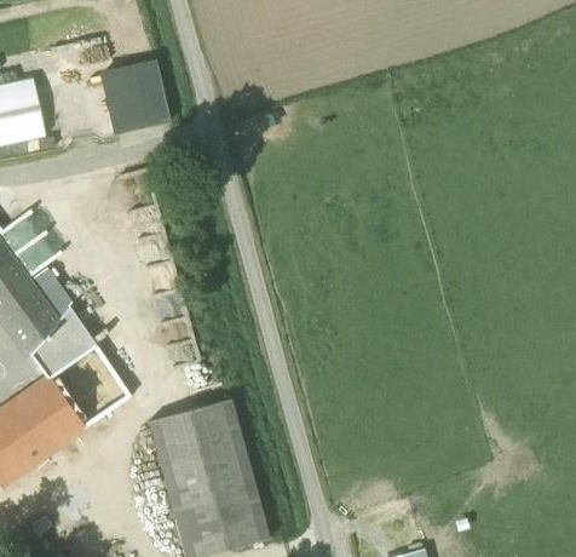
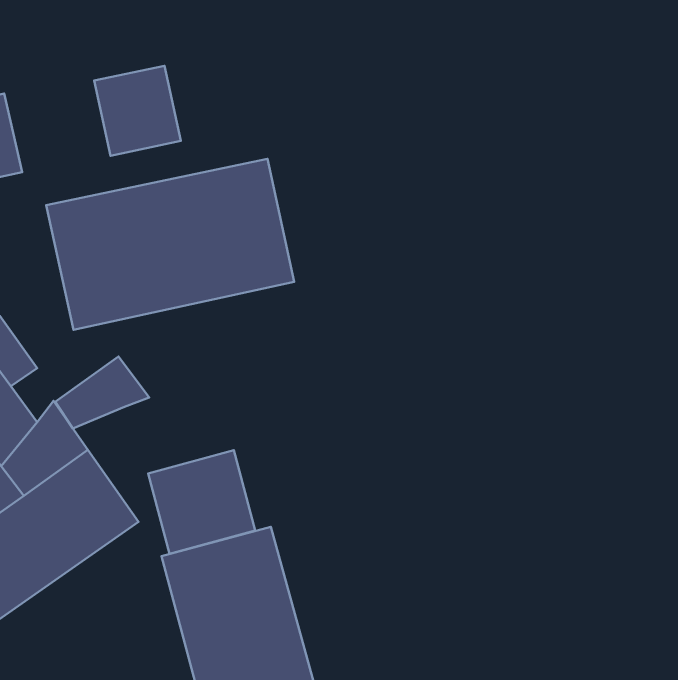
building: none -> [46,159,294,330]
building: none -> [55,356,149,428]
building: none -> [148,450,255,554]

